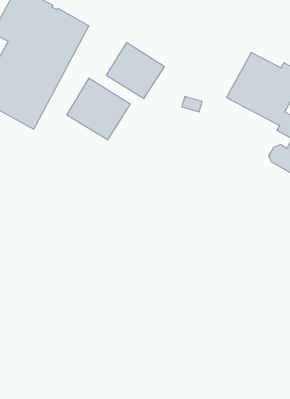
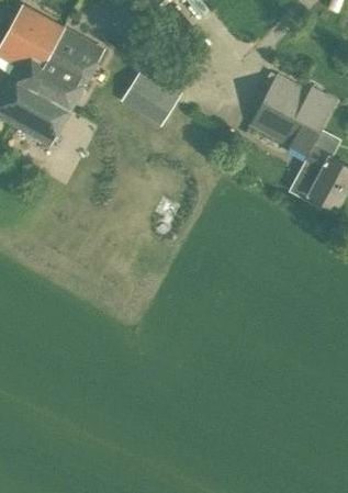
building: [67,78,130,140] -> none

